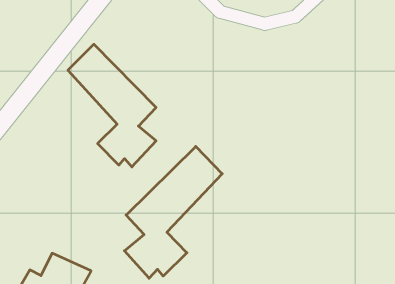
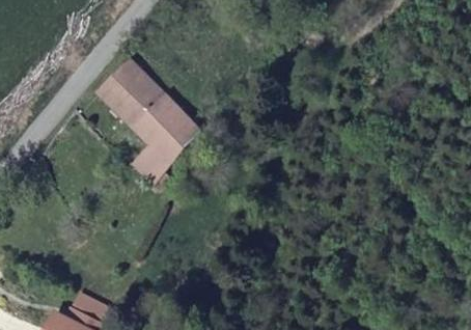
building: [124,146,222,278] -> none

